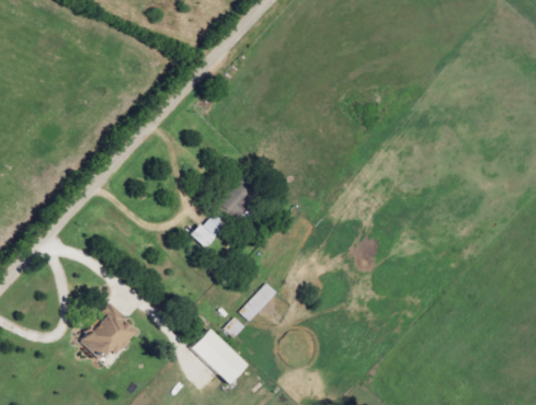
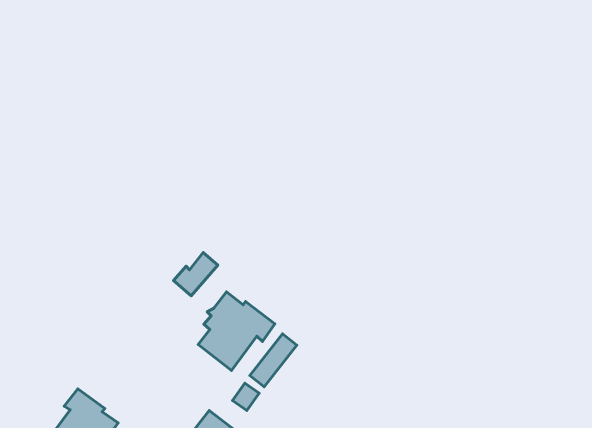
building: [219,181,251,212] -> none
building: none -> [198,292,275,371]

